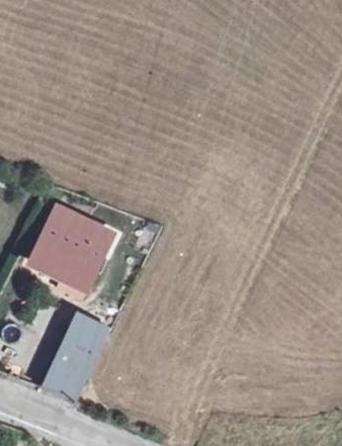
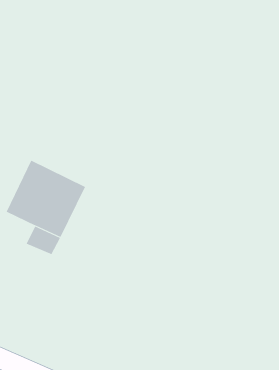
building: [42,313,106,395] -> none

